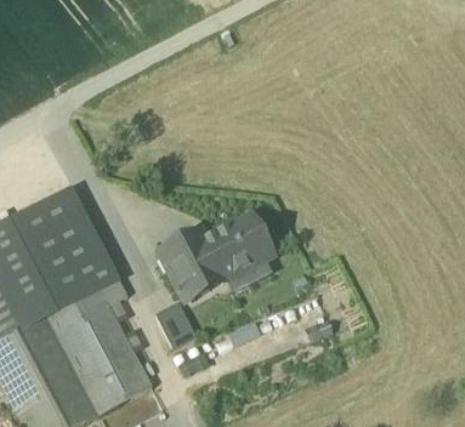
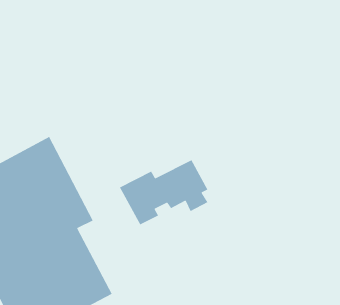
building: [154,301,197,348] -> none

